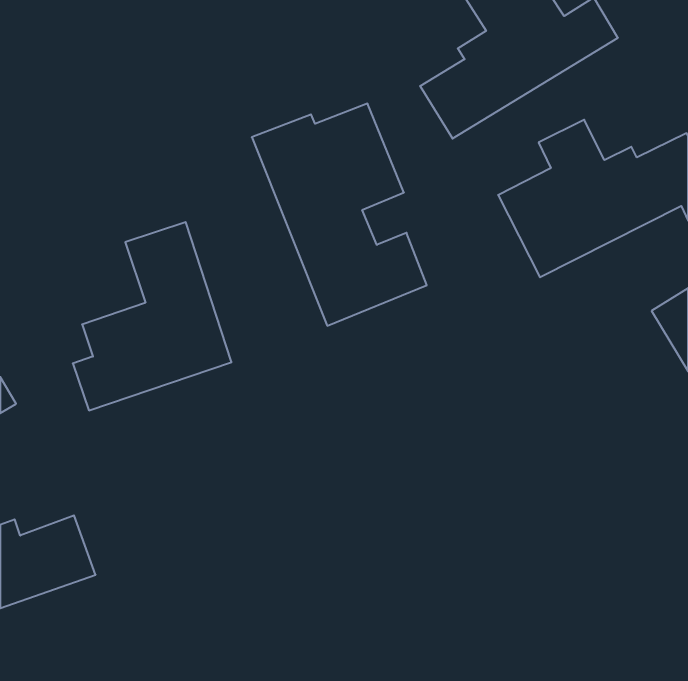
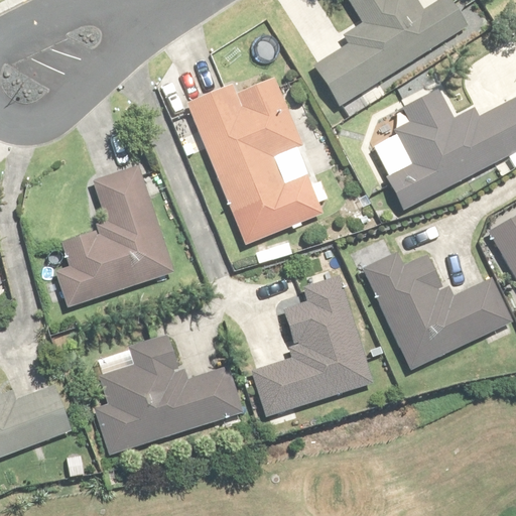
building: none -> [366,246,509,368]
building: none -> [253,275,371,414]
building: none -> [95,335,242,454]

